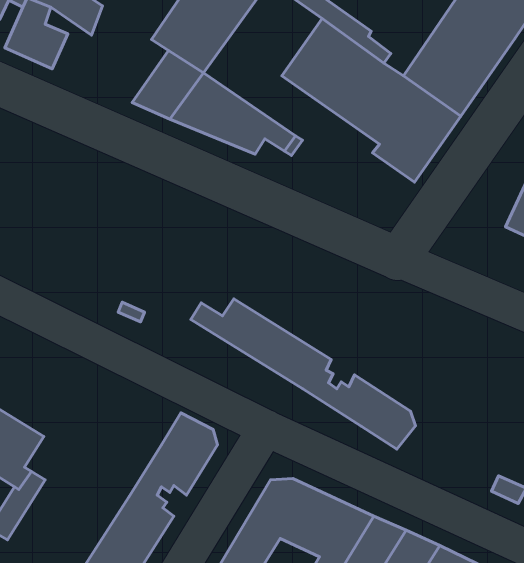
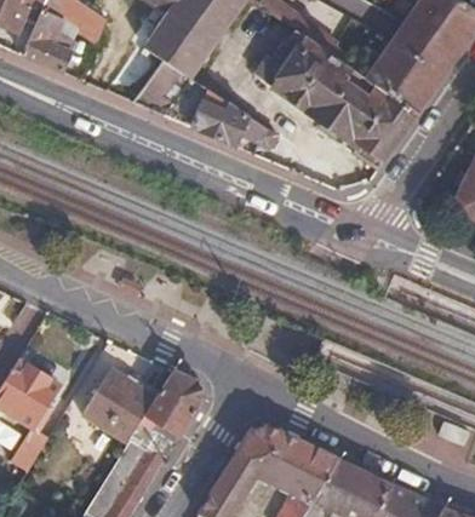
building: [191,299,416,449] -> none
building: none -> [81,368,156,442]

